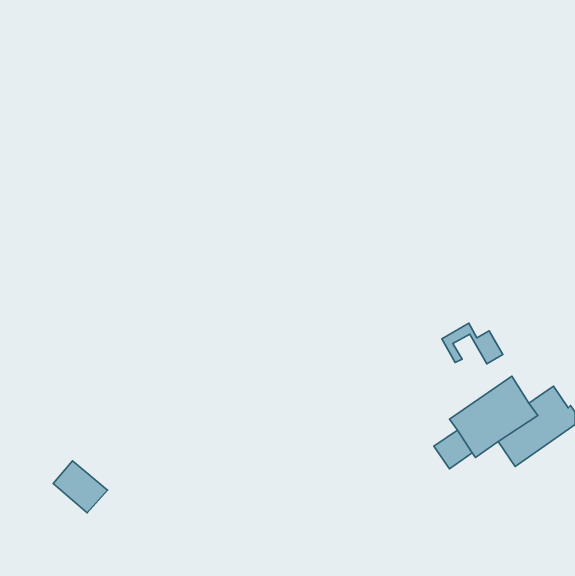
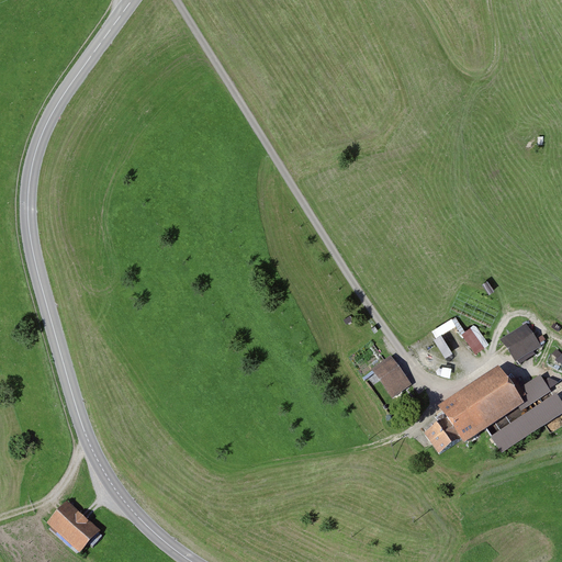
building: none -> [498,323,539,363]
building: none -> [370,356,411,398]
building: [53,461,107,513] -> [53,503,105,553]

